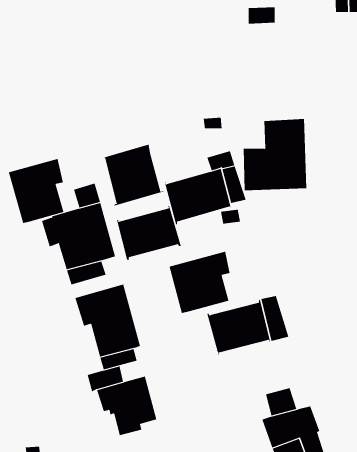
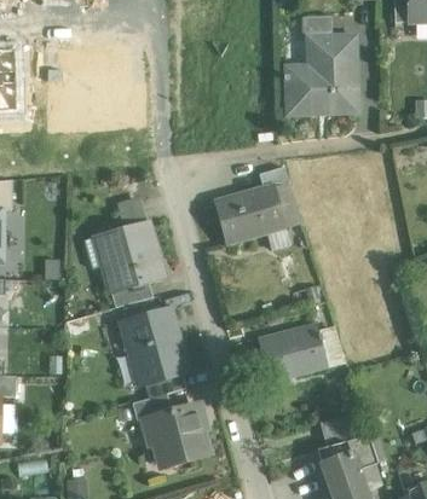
building: [243,118,307,191] -> [287,36,354,112]
building: [101,144,165,207] -> none
building: [8,158,64,224] -> none
building: [117,206,181,261] -> none
building: [169,251,230,314] -> none

